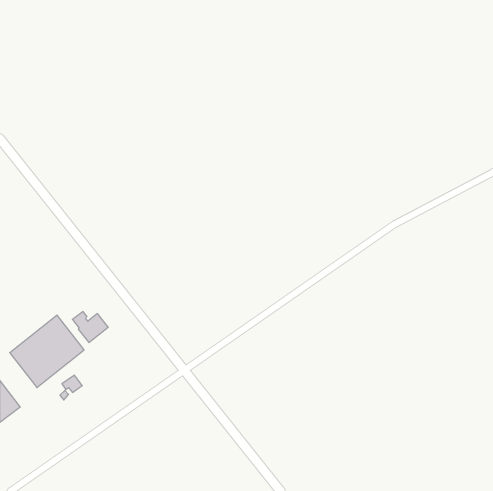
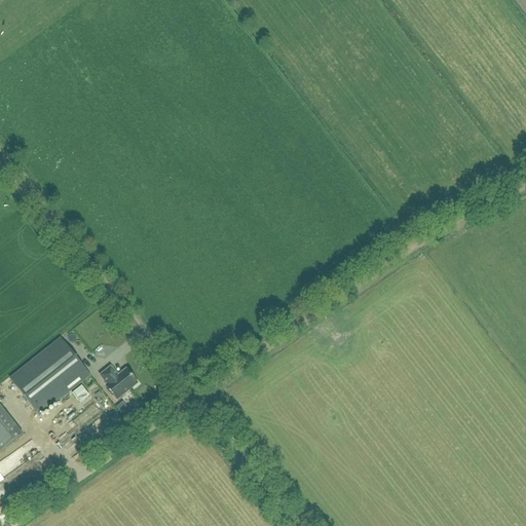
building: [72,312,108,343] -> [100,364,138,397]

